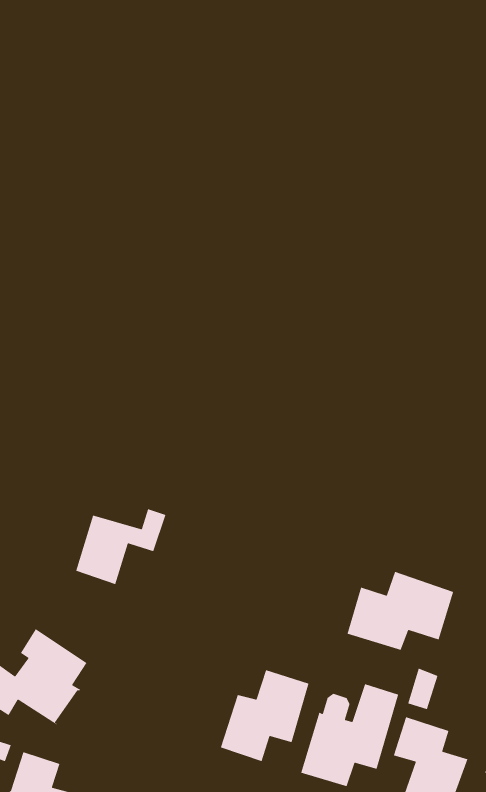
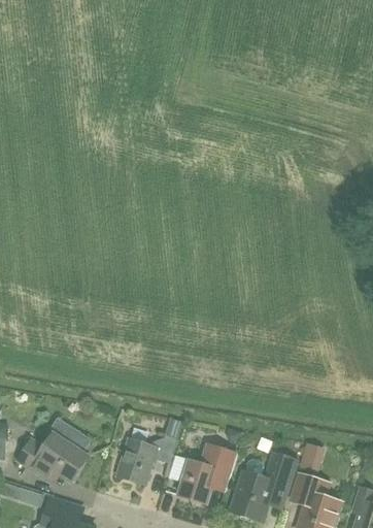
building: [75,508,166,585] -> [116,433,176,484]
building: [346,571,454,651] -> none

